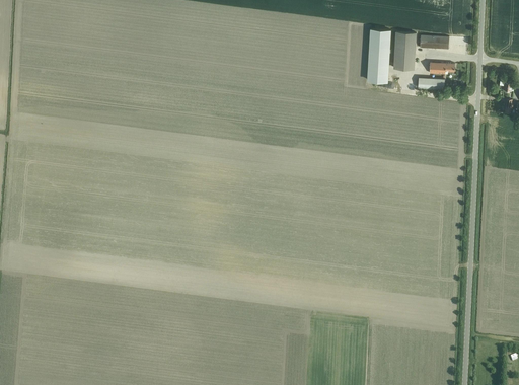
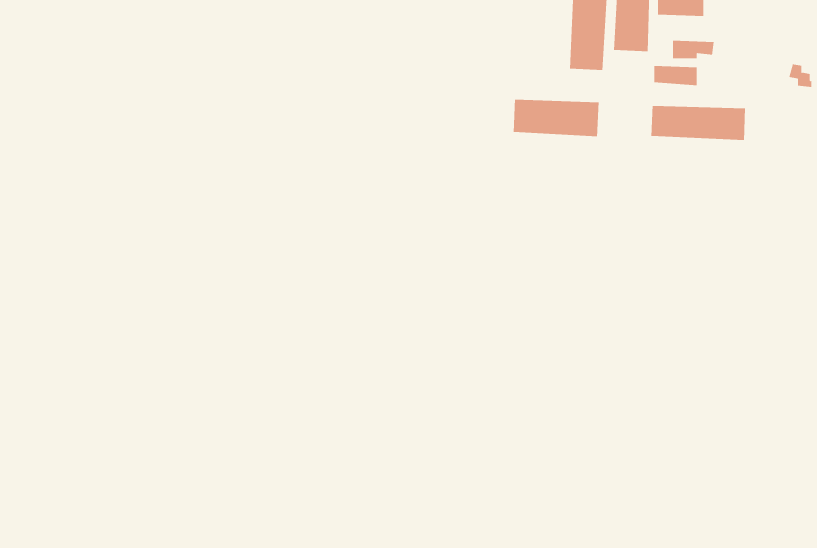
building: none -> [513,99,599,137]
building: none -> [651,105,746,141]

